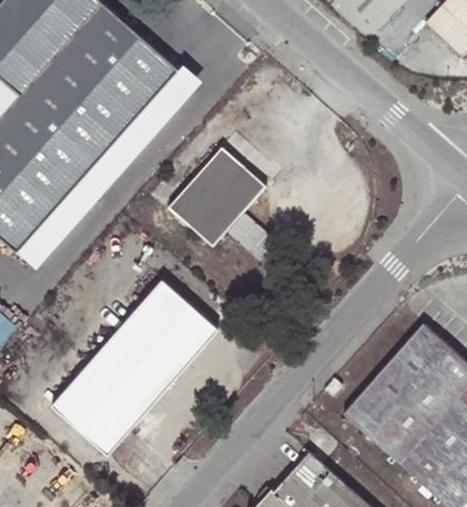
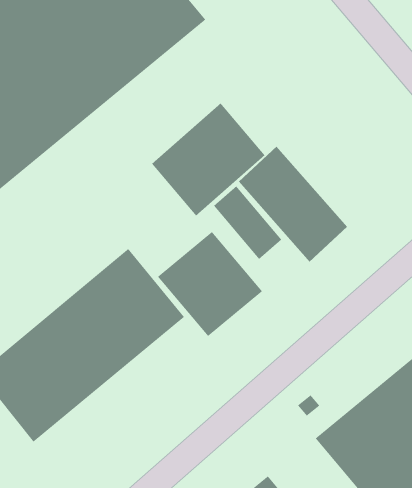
building: none -> [238,146,348,263]
building: none -> [157,231,263,337]

